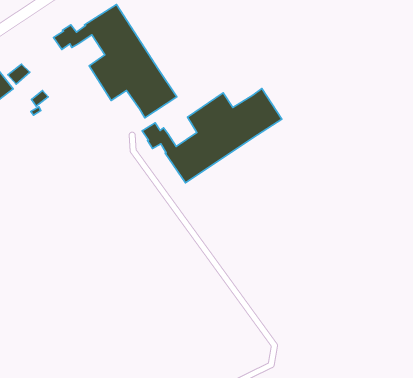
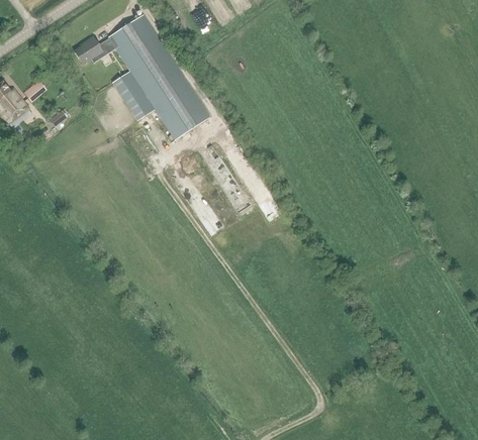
building: [142,89,282,183] -> none

